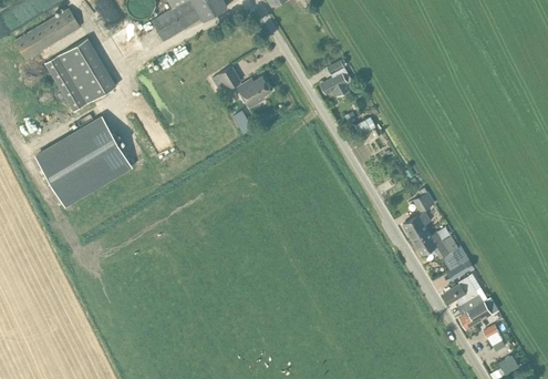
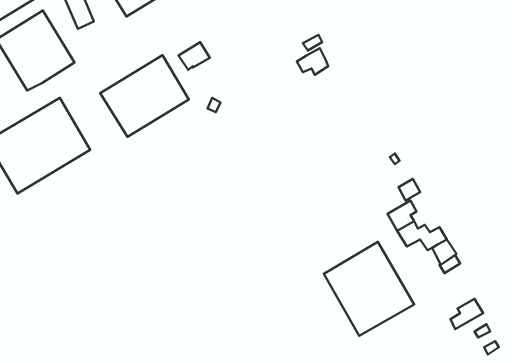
building: [236,76,270,109] -> none
building: none -> [100,55,189,137]
building: none -> [324,242,414,336]
building: [443,276,483,313] -> none

